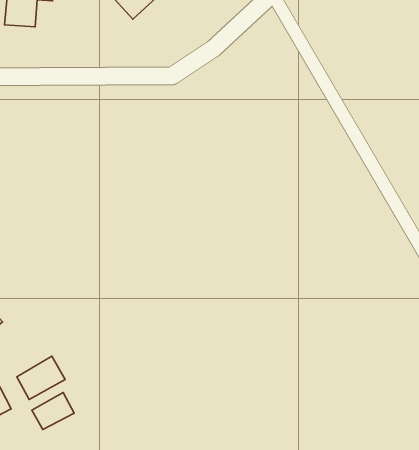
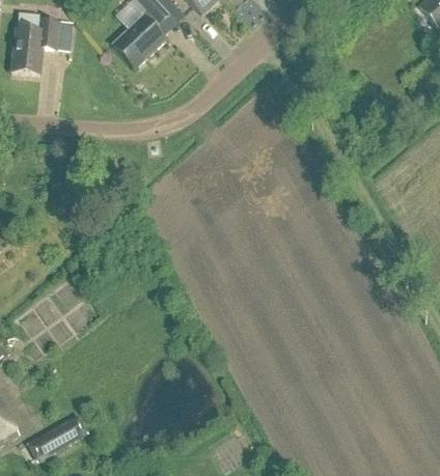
building: [17,356,65,399] -> none

